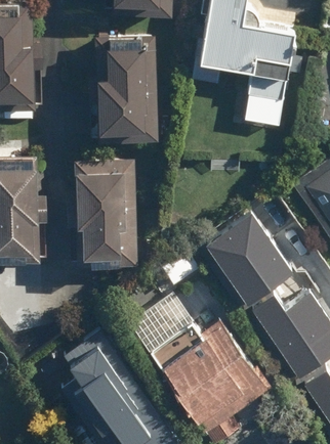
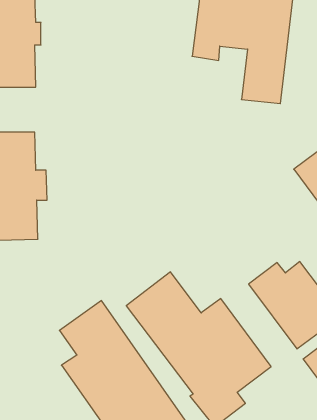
building: [87,35,160,141] -> none
building: [71,159,136,267] -> none
building: [208,210,291,296] -> none

